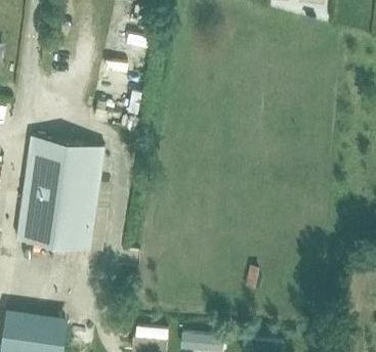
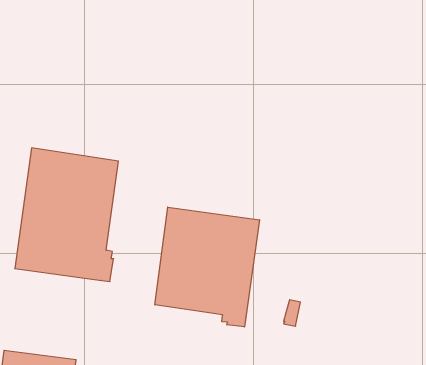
building: none -> [155,207,259,327]

